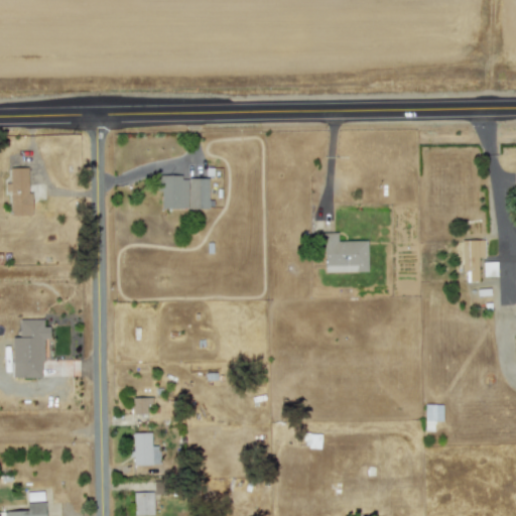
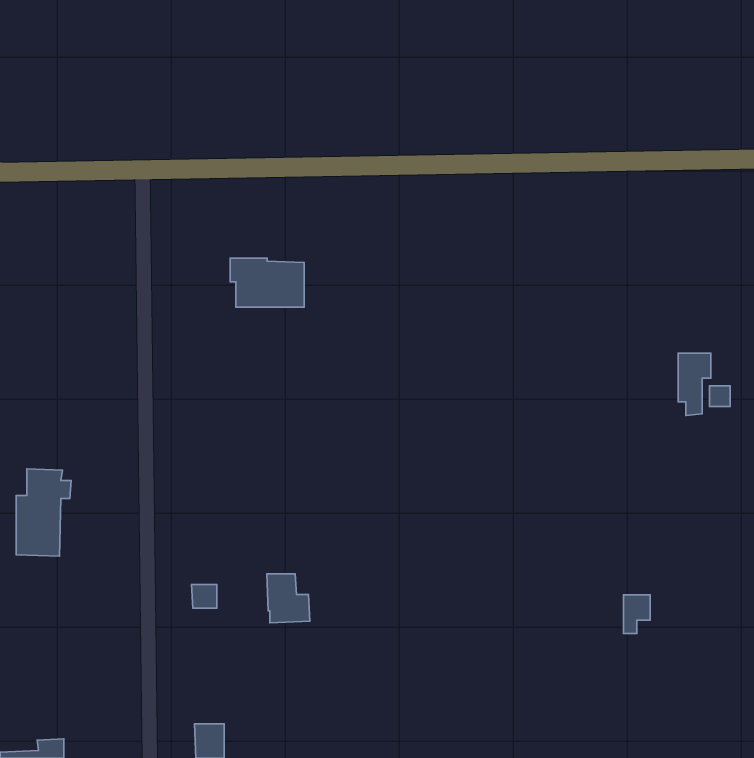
building: [7,167,32,216] -> none
building: [319,233,369,272] -> none
building: [133,432,162,466] -> [267,574,310,623]

